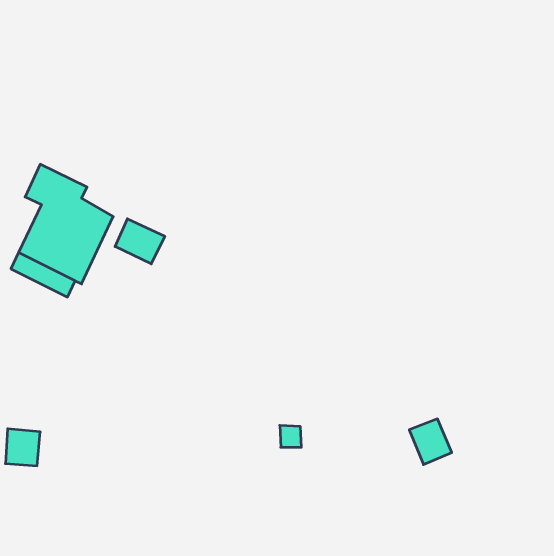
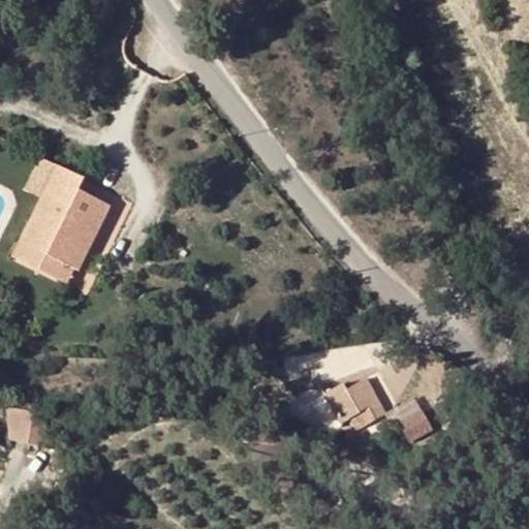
building: [115,219,165,264] -> none
building: none -> [325,385,386,428]

